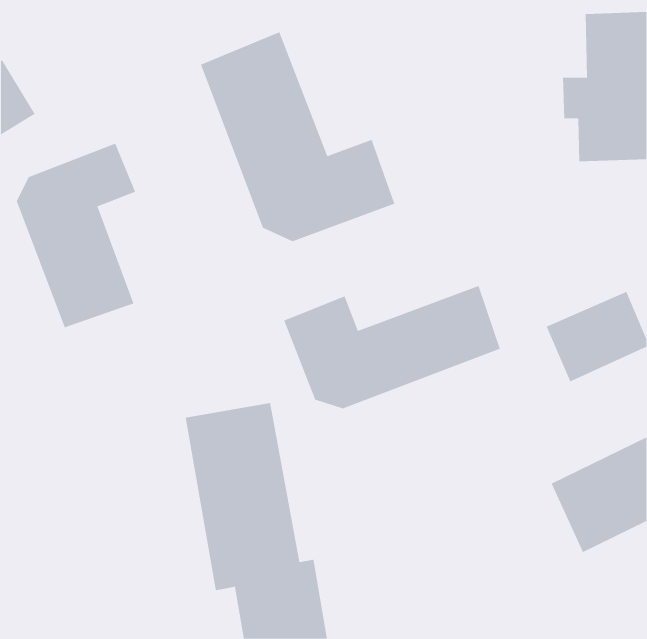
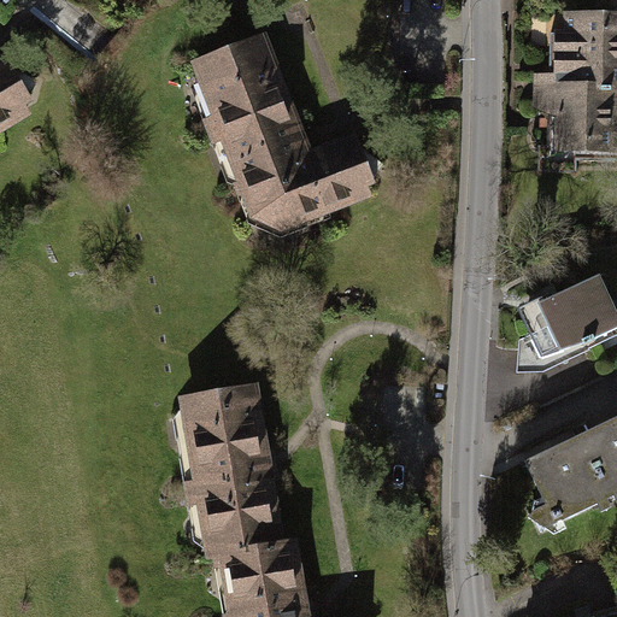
building: [16,143,136,328] -> none
building: [283,285,501,409] -> none

